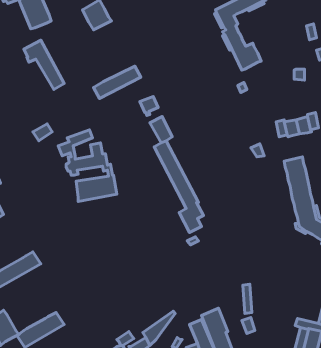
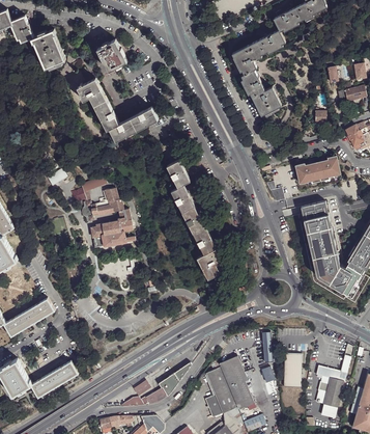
building: [24,40,64,90] -> [77,80,118,131]
building: none -> [281,356,301,389]

